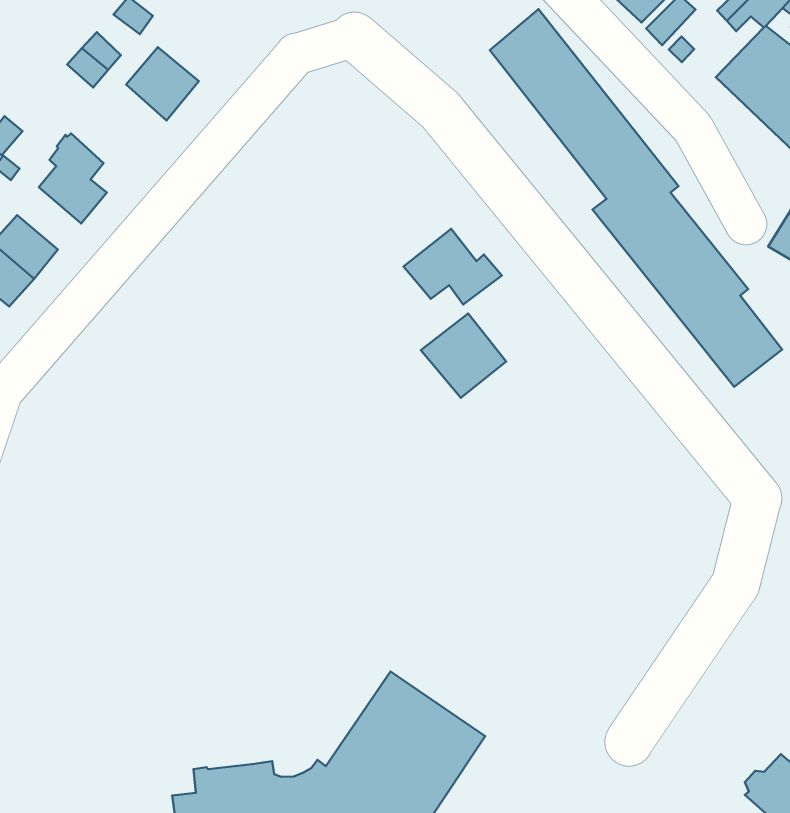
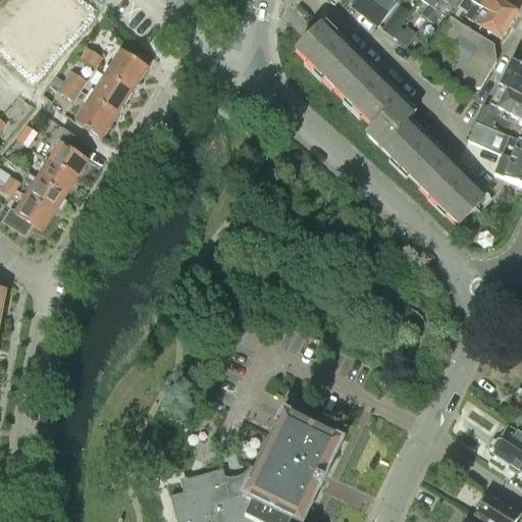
building: none -> [108,48,150,89]
building: none -> [76,96,118,137]
building: none -> [41,160,77,194]
building: [404,229,502,304] -> none
building: [421,313,506,398] -> none

